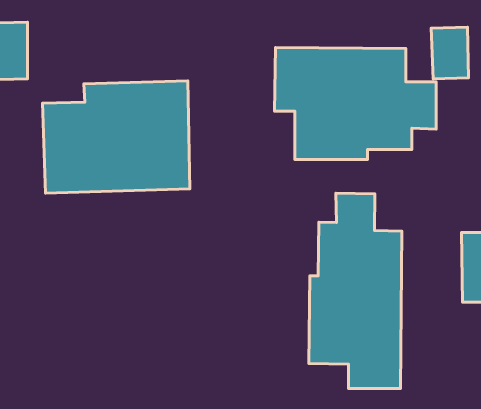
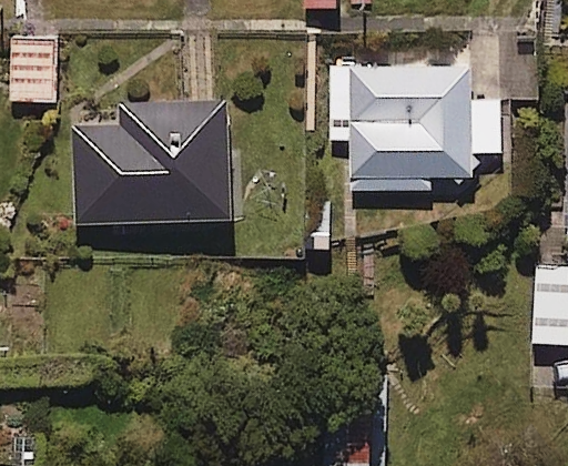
building: [309,193,402,389] -> none

